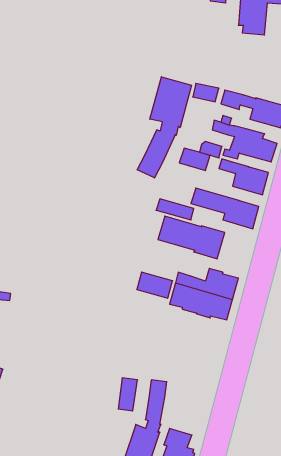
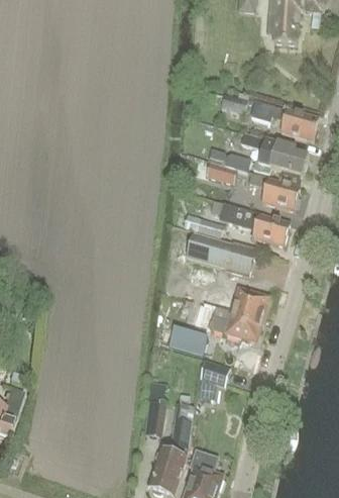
building: [137,77,191,178] -> none
building: [137,272,173,298] -> [170,326,207,354]
building: none -> [198,361,230,400]

